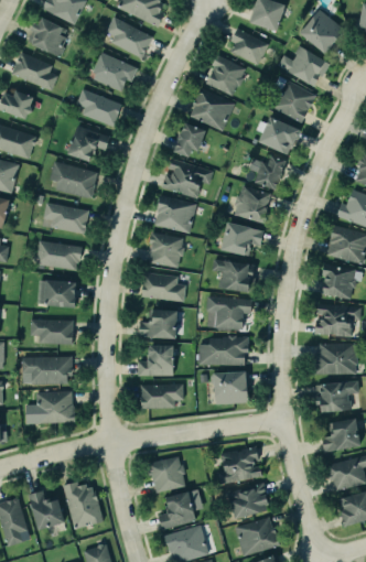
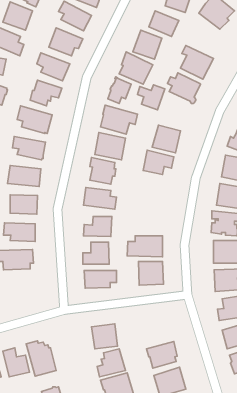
building: [278,48,329,86] -> none
building: [249,156,287,191] -> [137,85,165,110]
building: [213,261,254,293] -> none
building: [206,298,251,329] -> none
building: [34,390,74,421] -> none
building: [216,446,262,486] -> none

